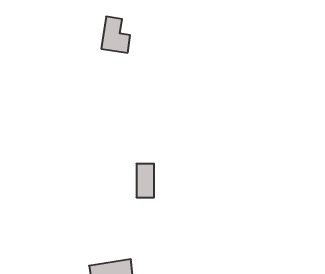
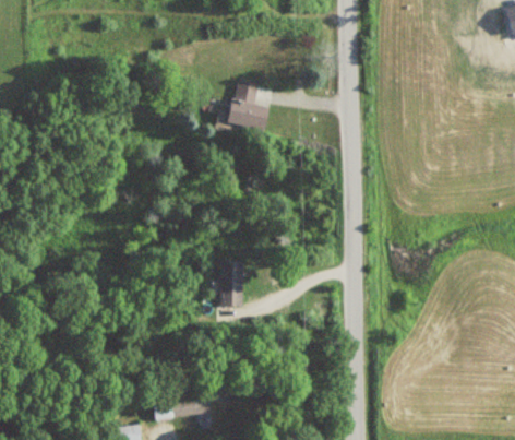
building: [101,17,130,53] -> [230,82,270,131]

